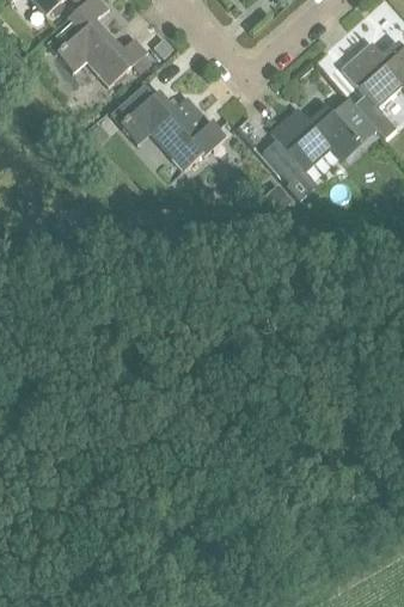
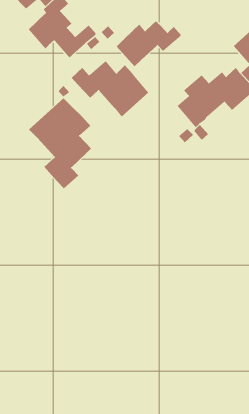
building: none -> [116,20,182,67]
building: none -> [28,98,92,189]

